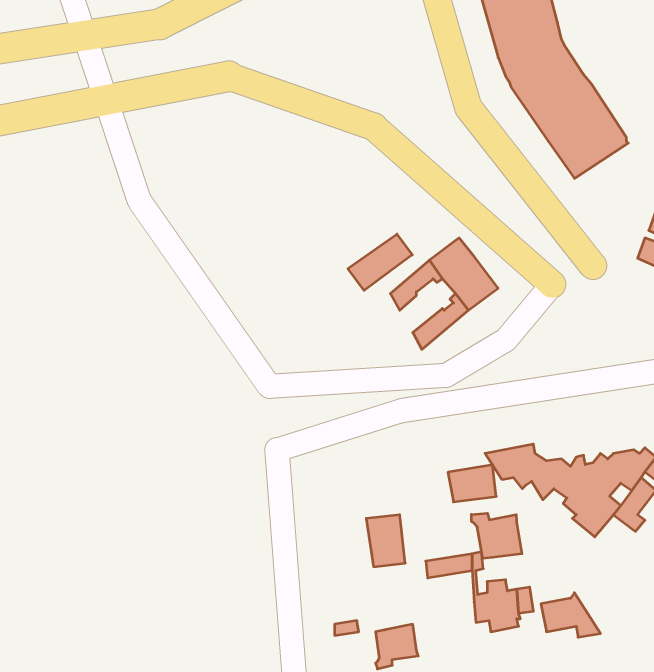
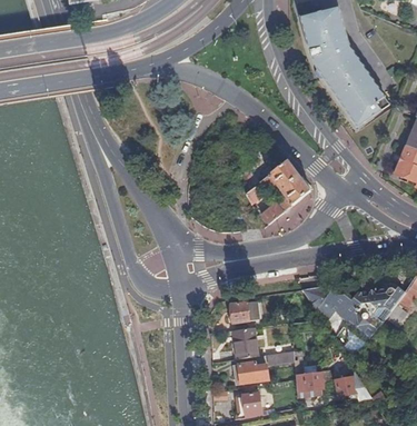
building: [348,234,412,290] -> none
building: [448,465,496,502] -> [229,300,258,323]
building: [471,513,522,559] -> none
building: none -> [234,361,268,384]

